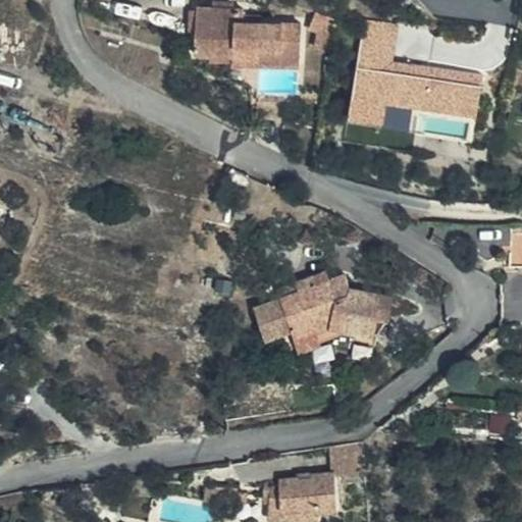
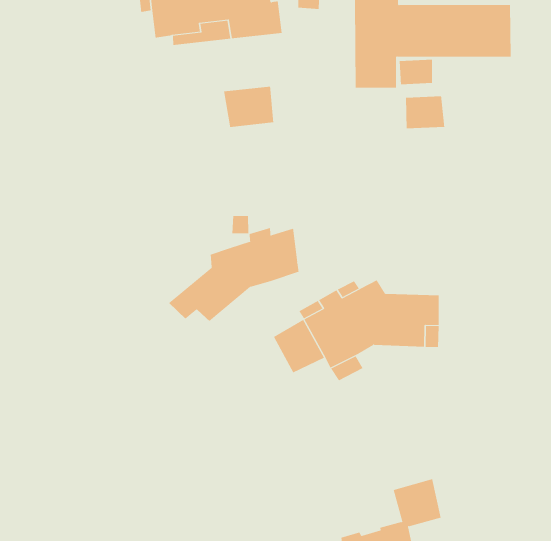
building: none -> [224,86,274,128]
building: none -> [405,95,445,129]
building: none -> [168,227,299,322]

